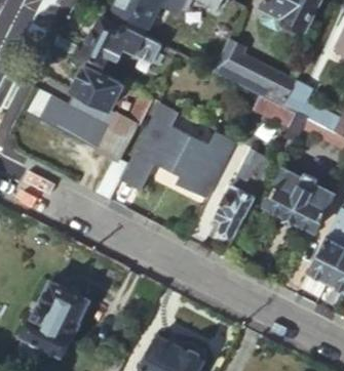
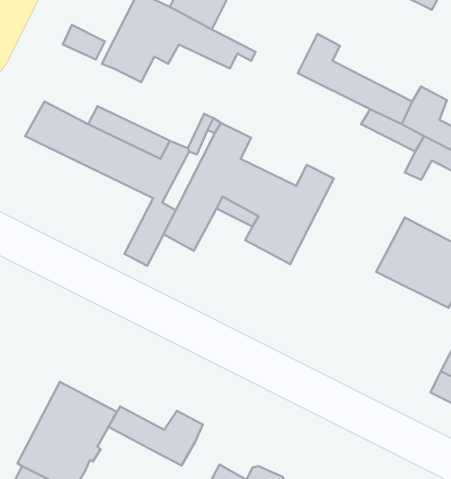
building: [74,67,128,112] -> none
building: [214,151,272,233] -> none
building: none -> [108,407,203,465]

